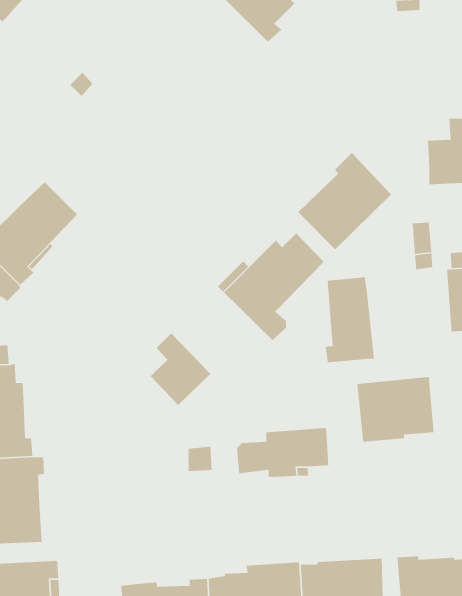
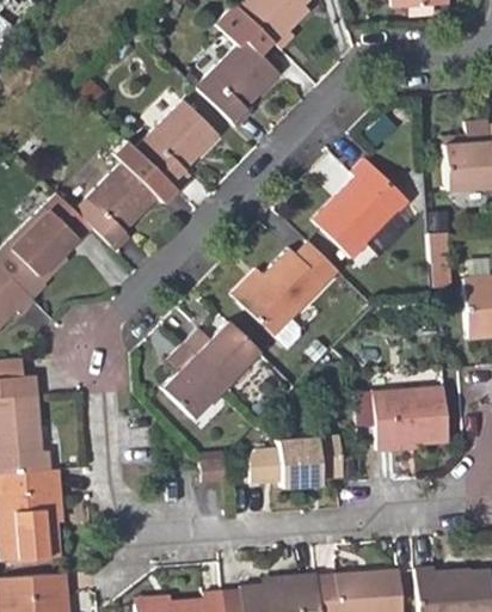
building: none -> [196,38,279,127]
building: none -> [137,98,219,186]
building: none -> [75,159,159,247]
building: [325,276,375,363] -> none
building: none -> [185,320,258,381]

